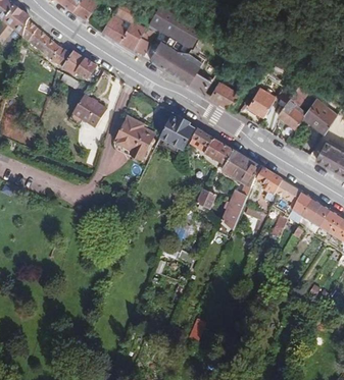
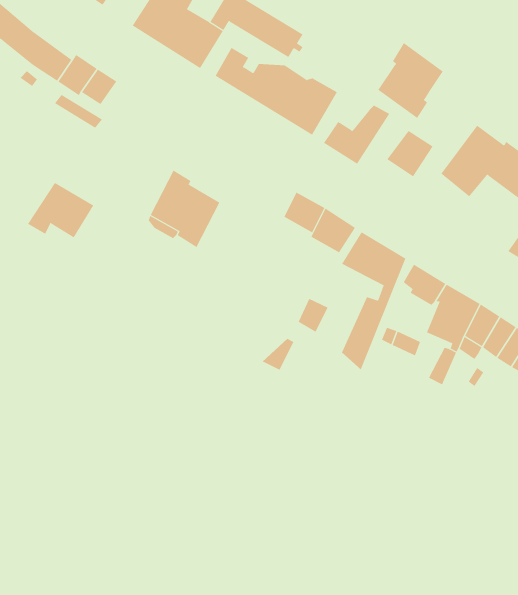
building: none -> [377,42,443,119]
building: [67,93,105,124] -> [27,182,94,238]
building: [159,114,192,147] -> none

